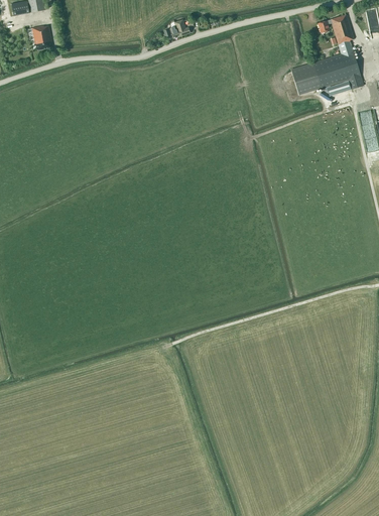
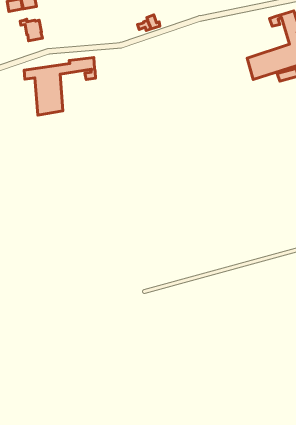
building: none -> [24,57,95,115]

